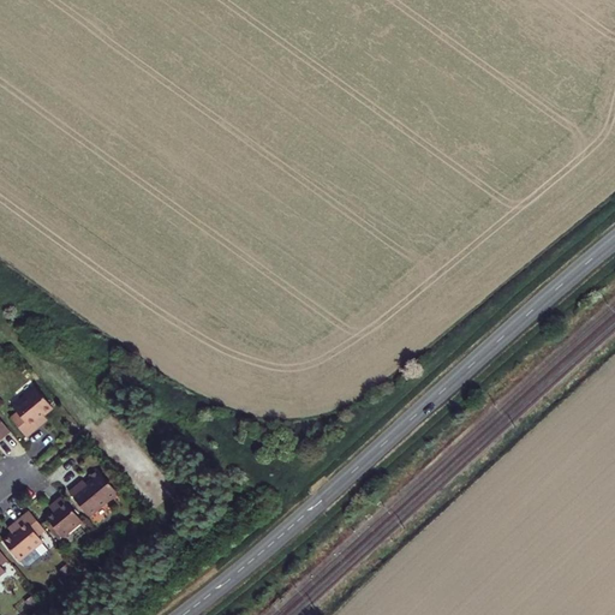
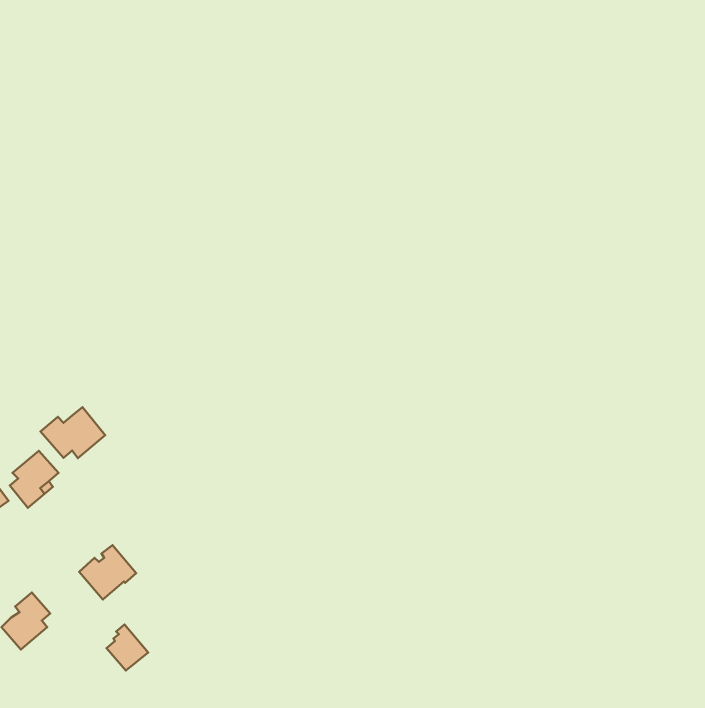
building: none -> [41,407,105,458]
building: [44,497,80,537] -> [106,625,148,670]

